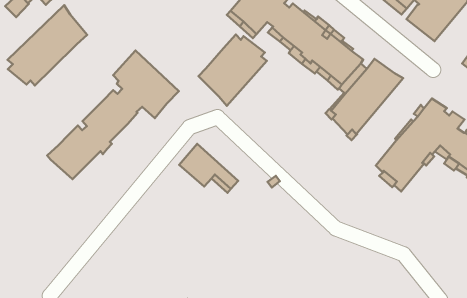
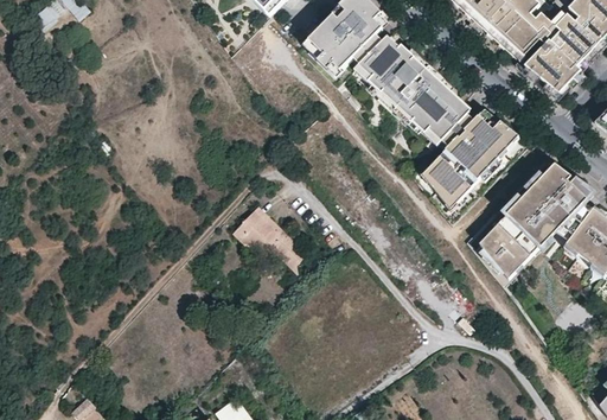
building: [8,5,87,85] -> none
building: [198,35,267,106] -> none
building: [47,50,179,179] -> none

